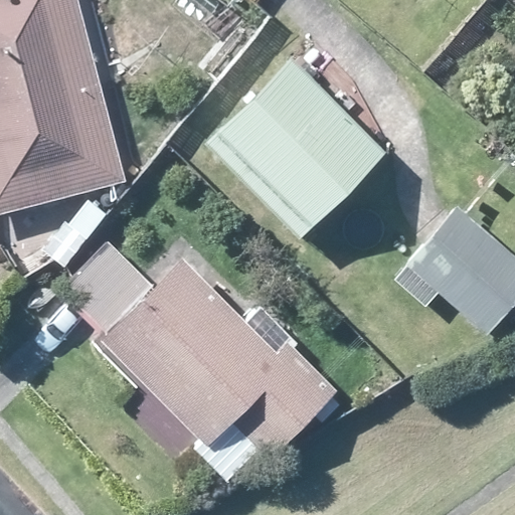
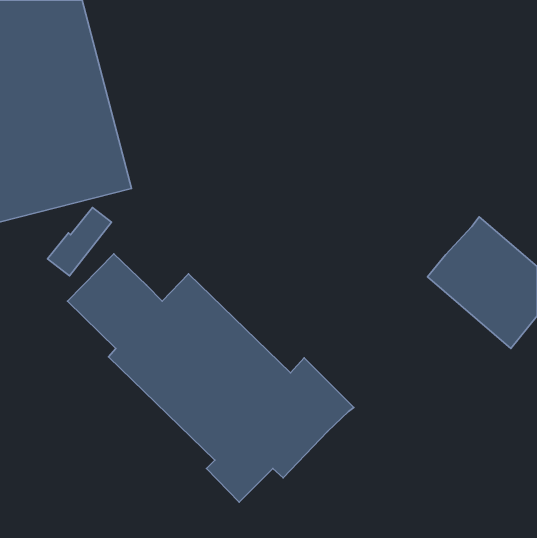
building: [209,61,386,237] -> none

